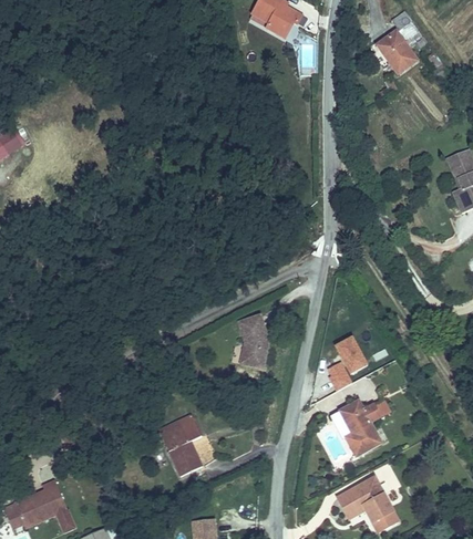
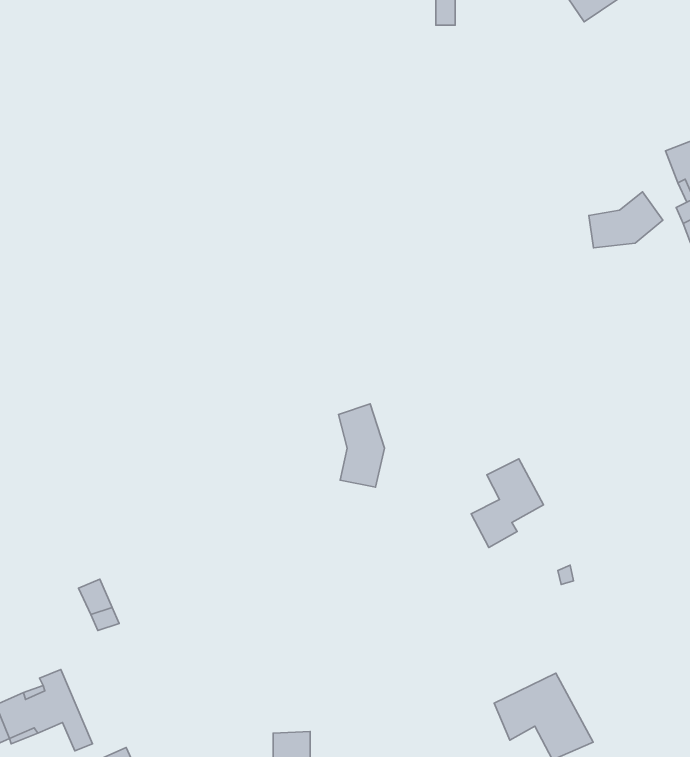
building: none -> [589,192,663,248]
building: [340,402,382,458] -> none
building: [160,422,203,474] -> none

